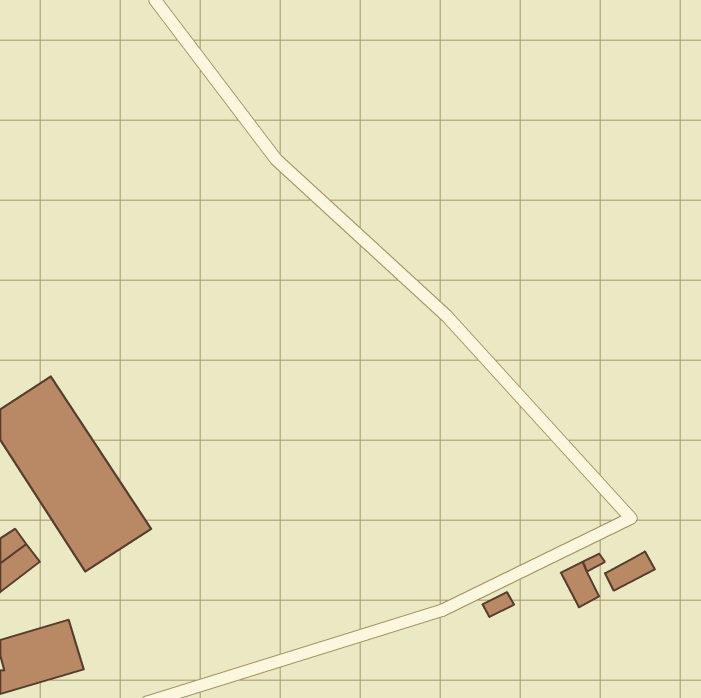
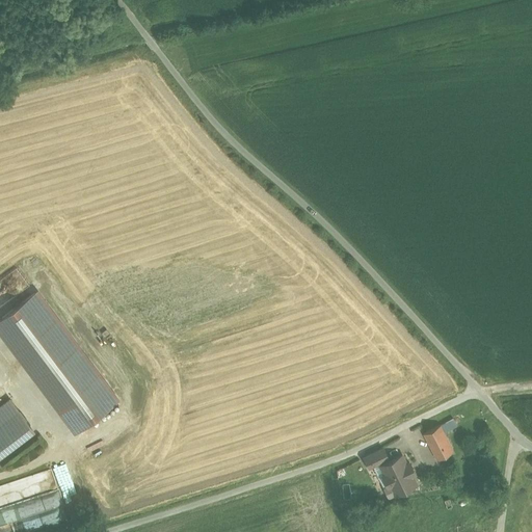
building: [605,551,655,591] -> none
building: none -> [382,458,418,500]

